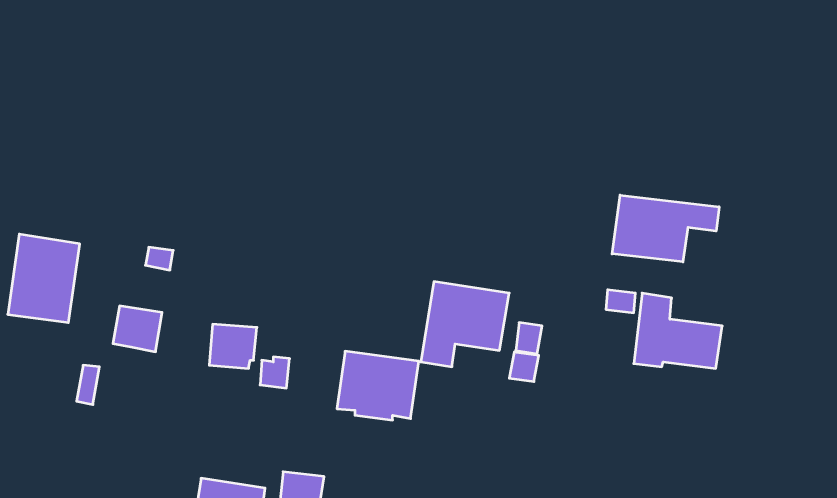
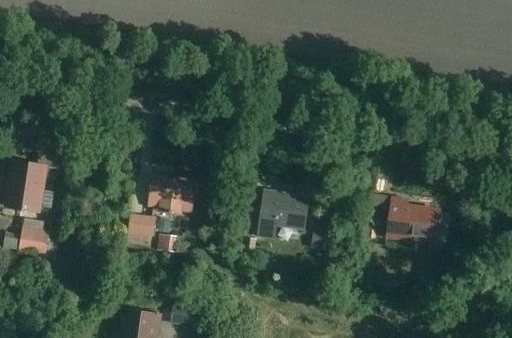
building: [612,195,719,262] -> none
building: [113,306,162,352] -> [20,228,50,256]
building: [337,351,419,420] -> [148,172,198,214]

